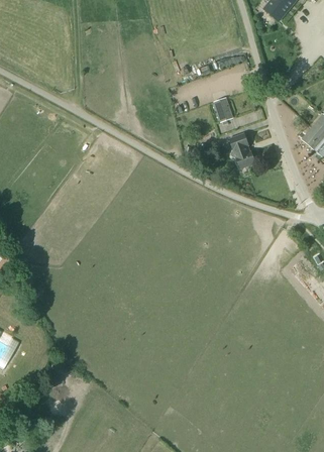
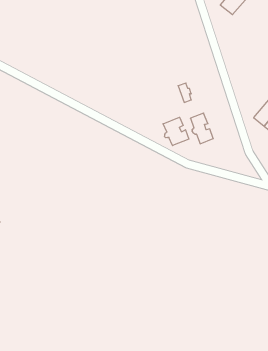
building: none -> [163,117,189,146]

